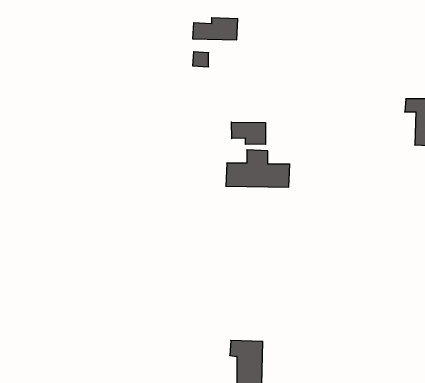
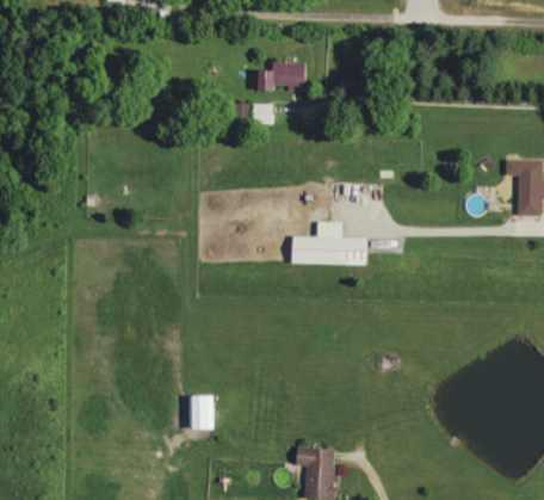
building: [231,122,266,144] -> none
building: none -> [188,394,214,428]

